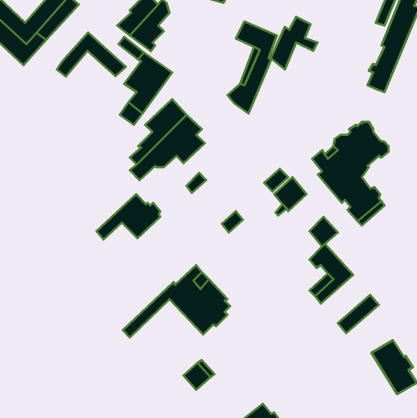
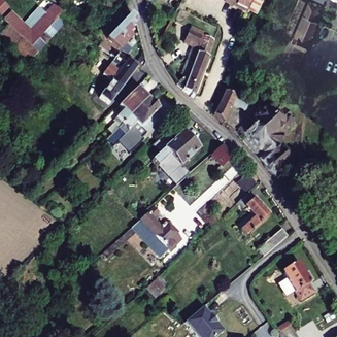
building: [271,17,317,69] -> [214,85,248,123]
building: [57,32,126,76] -> none
building: [96,194,160,240] -> [153,134,199,167]

